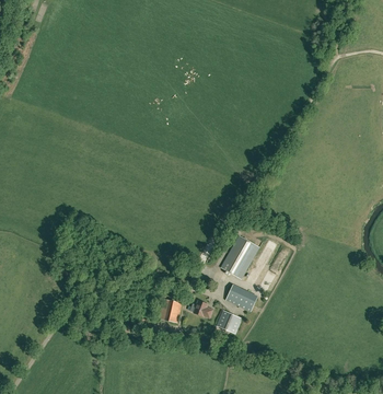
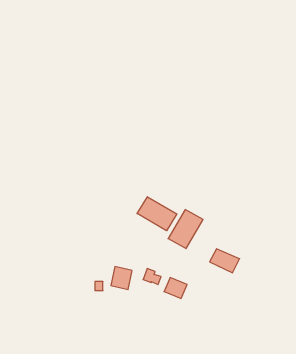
building: none -> [137,197,177,231]
building: [225,285,258,311] -> [210,249,240,273]

